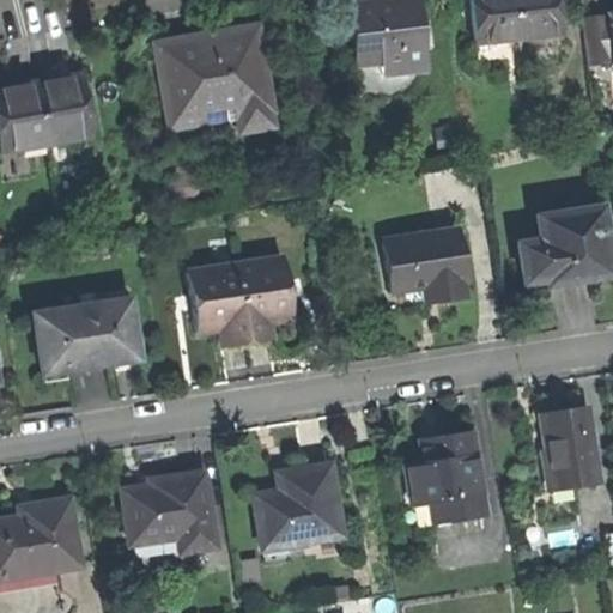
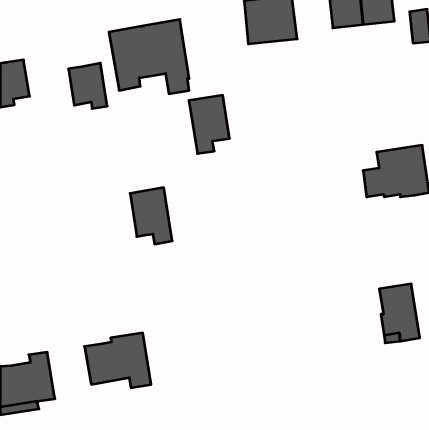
building: [37,77,92,141] -> [68,63,107,109]
building: [383,225,467,299] -> none
building: [236,259,293,341] -> [189,95,230,154]
building: [37,304,139,374] -> none
building: [406,427,485,521] -> none
building: [257,466,346,550] -> none

